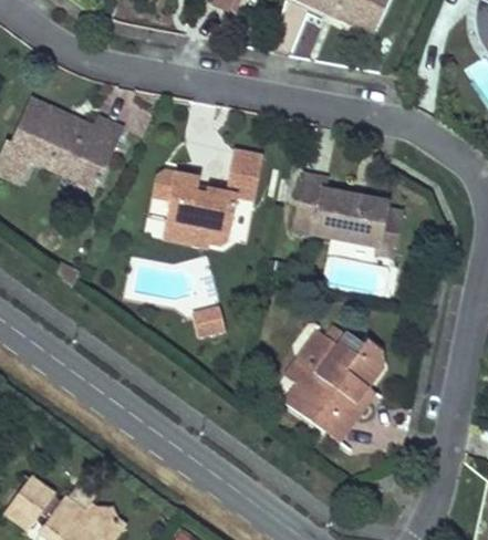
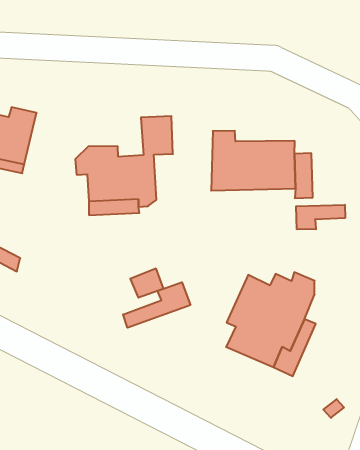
building: none -> [296,205,345,229]
building: none -> [123,282,190,328]

